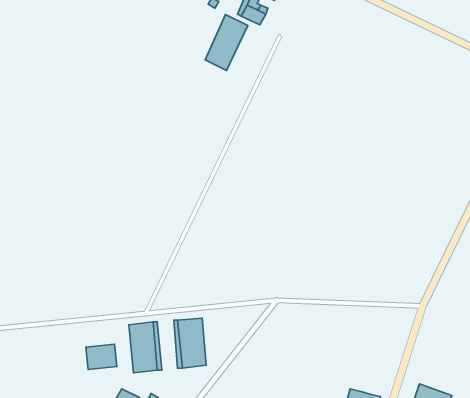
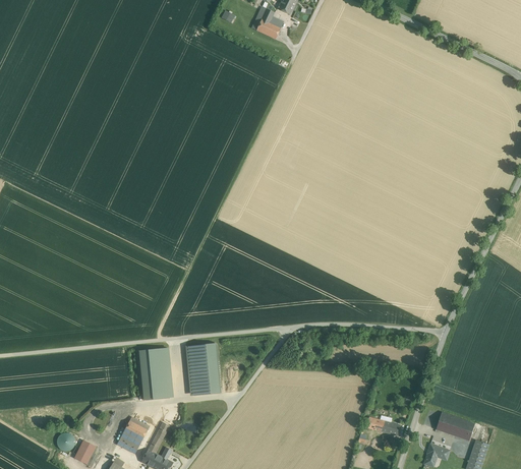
building: [205,14,248,71] -> none
building: [86,344,117,370] -> none

